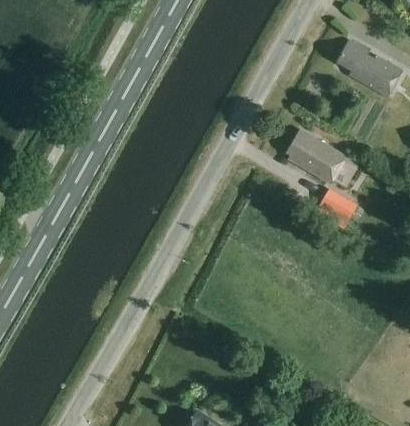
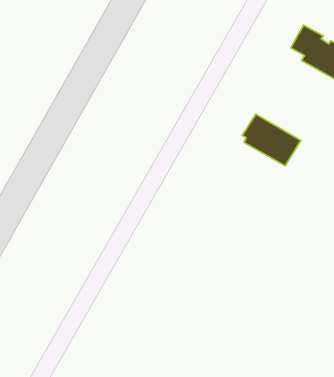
building: [321,188,358,220] -> none

